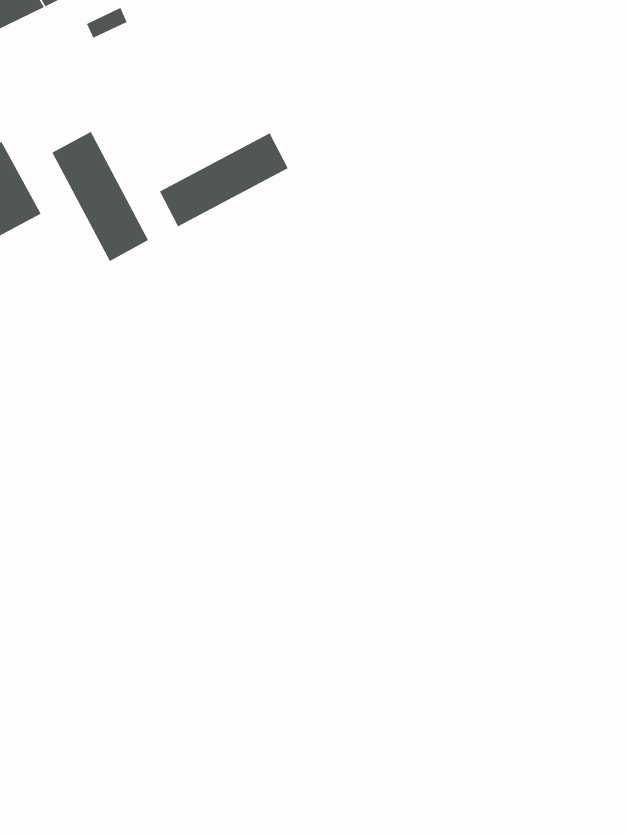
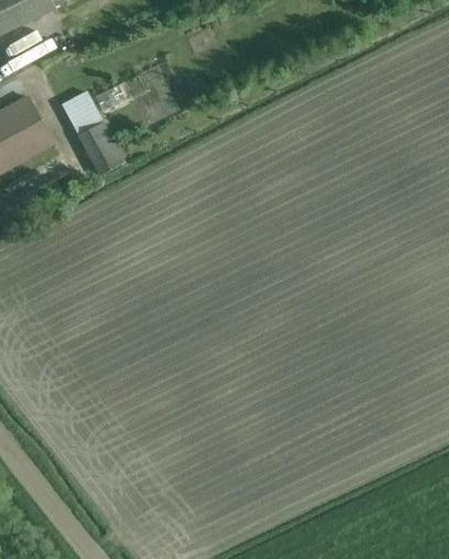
building: [159,132,289,227] -> none

